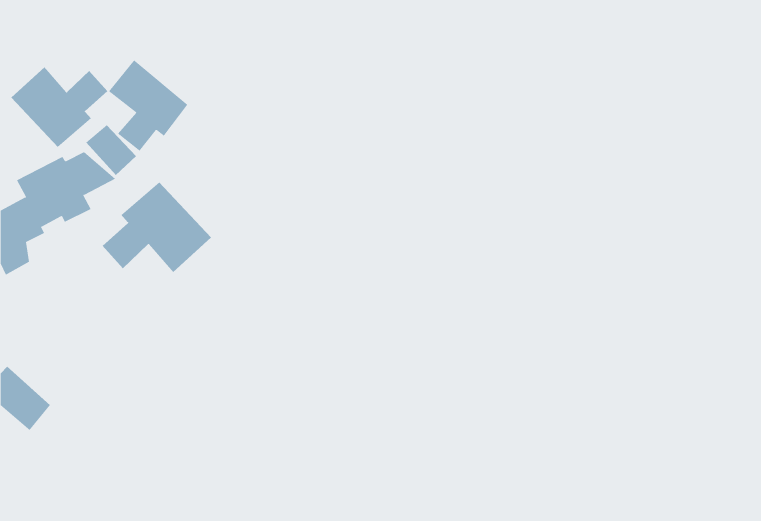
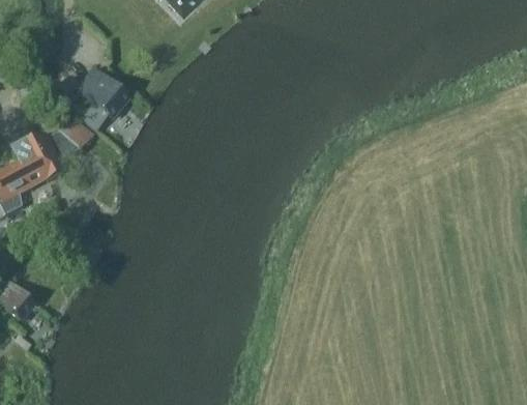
building: [10,66,108,148] -> none
building: [102,182,212,273] -> none

